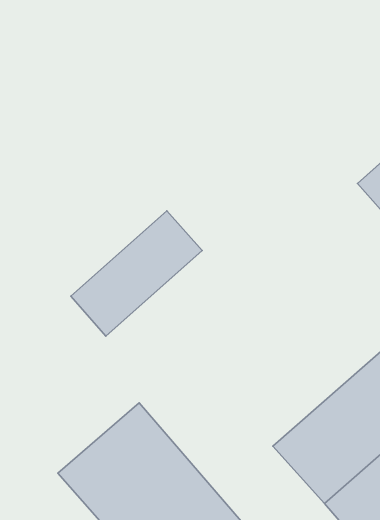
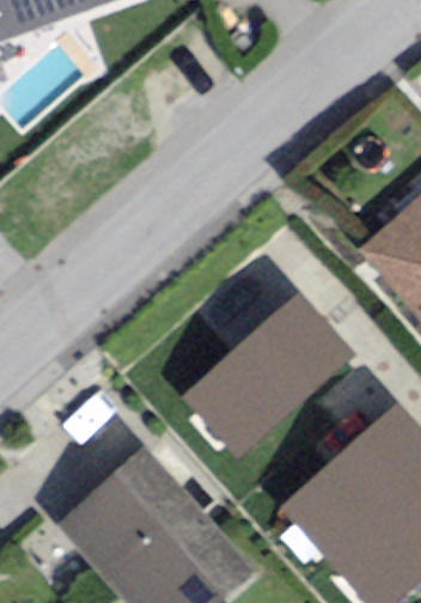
building: [71,211,202,336] -> [209,311,343,439]

